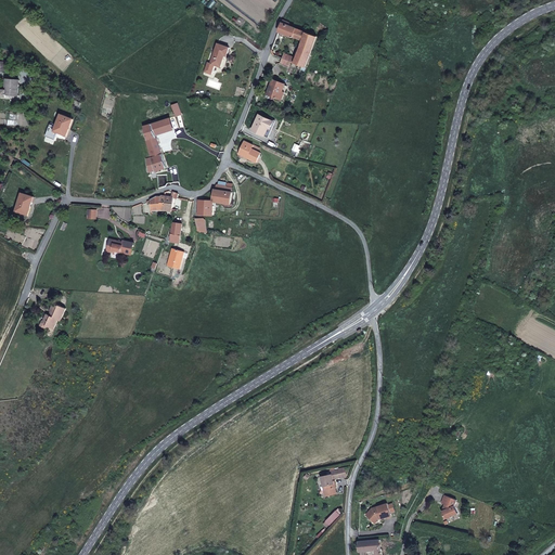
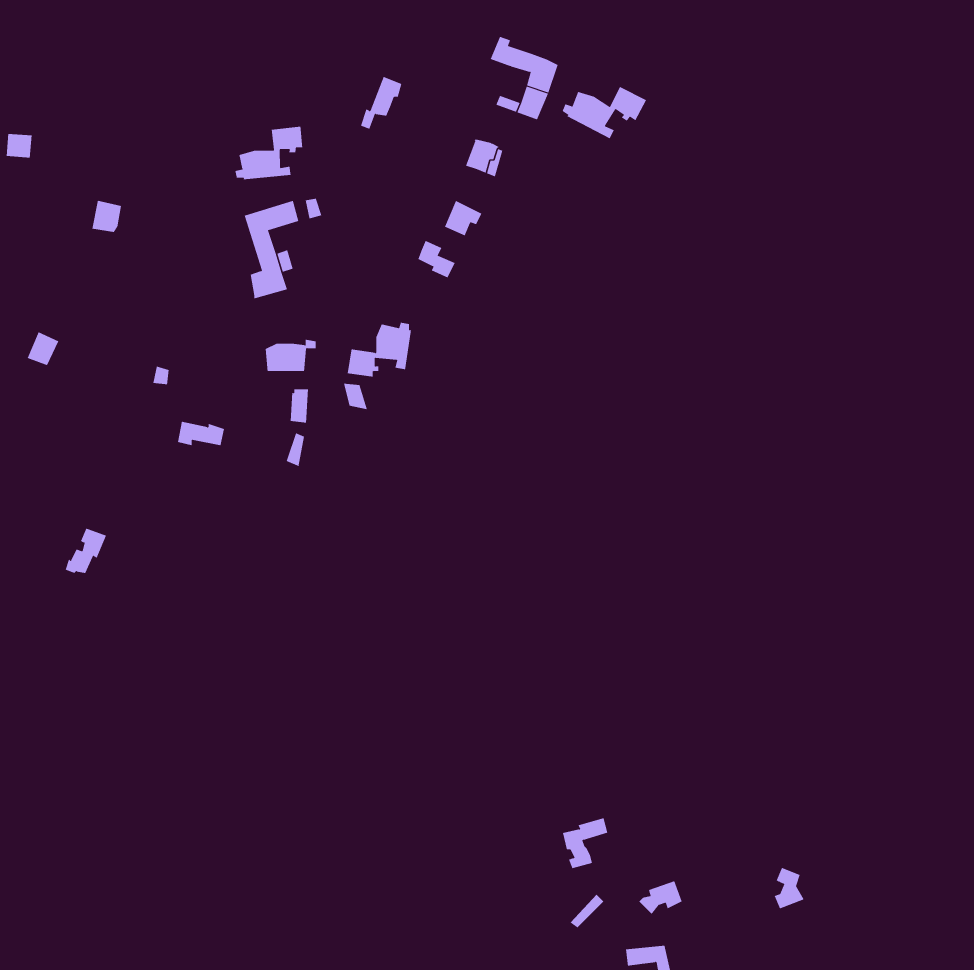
building: none -> [562,86,647,139]
building: none -> [235,126,303,180]

